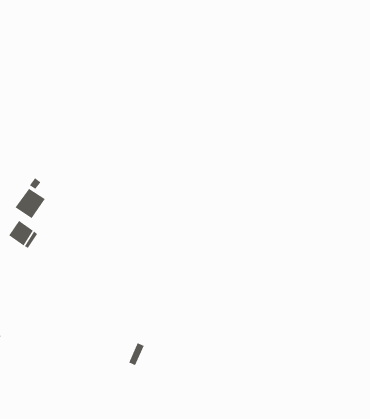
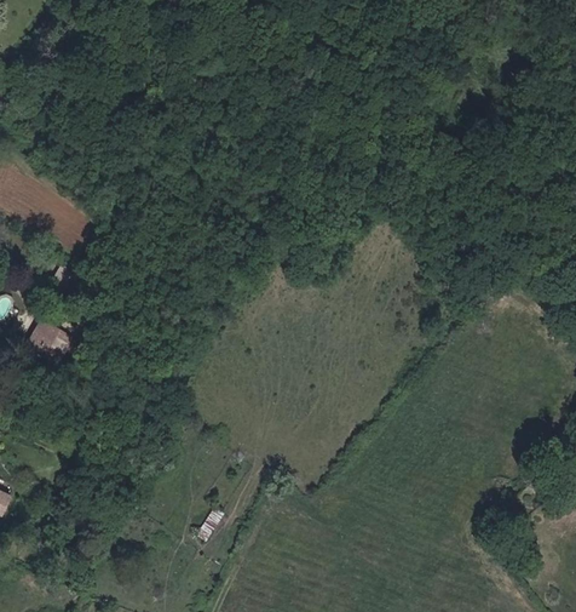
building: [15,188,46,219] -> none

